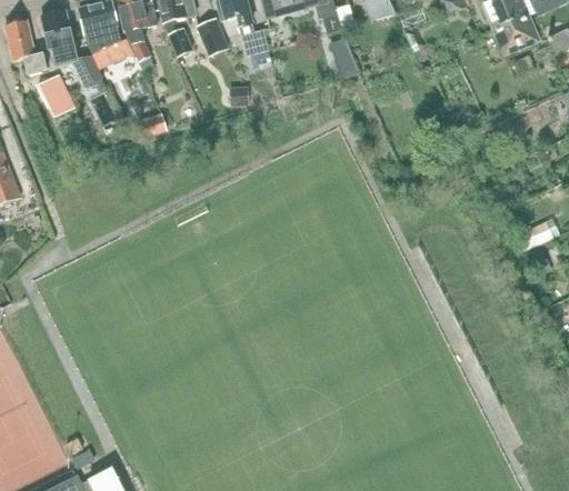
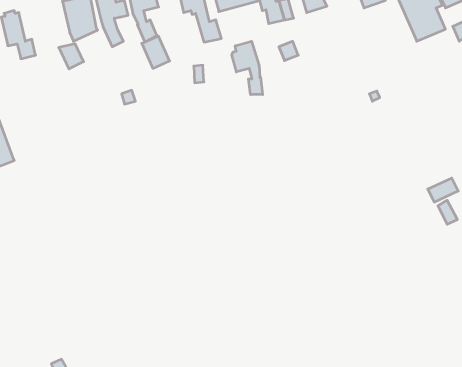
building: [41,11,76,64] -> none
building: [196,17,229,56] -> [142,36,170,68]
building: none -> [232,41,263,95]
building: [39,73,74,116] -> none

